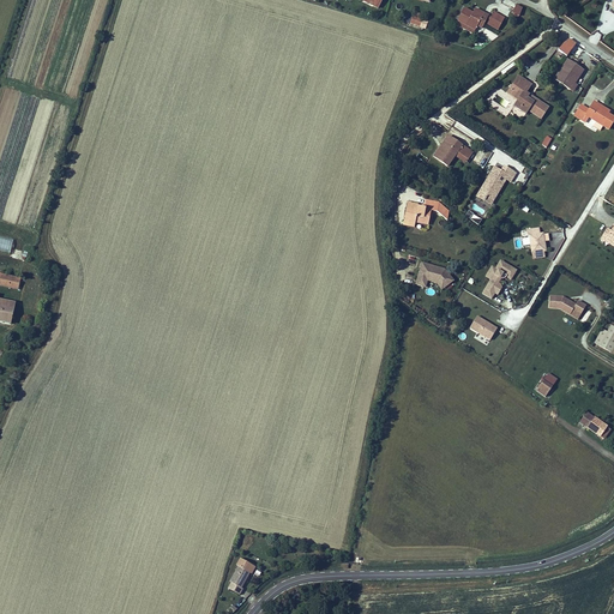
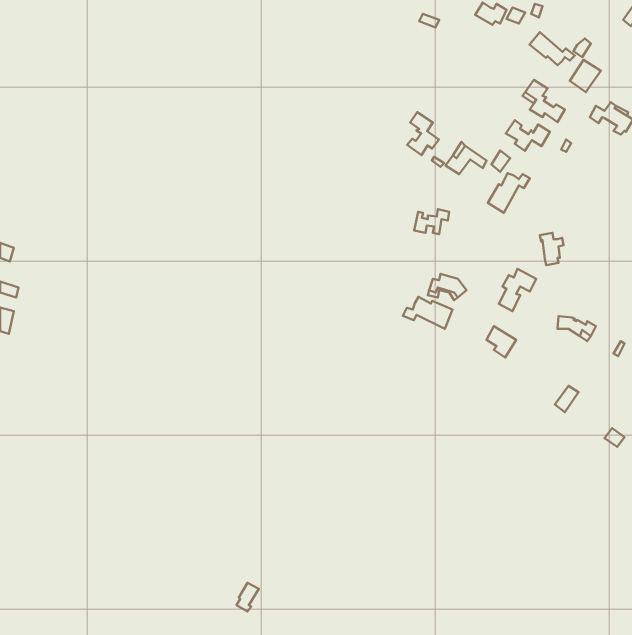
building: none -> [529,32,575,65]
building: none -> [407,112,439,155]
building: none -> [506,120,550,151]
building: none -> [403,297,452,329]

